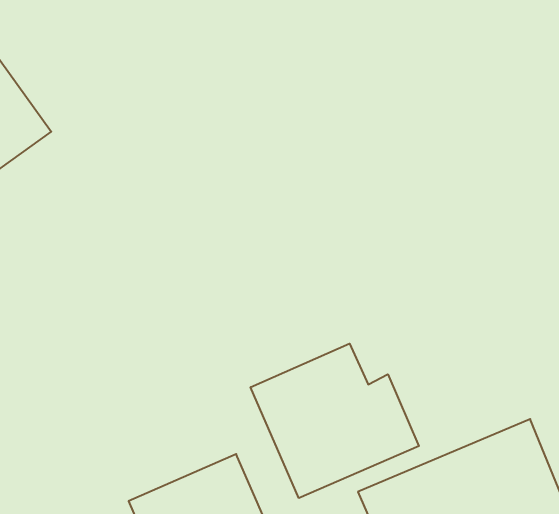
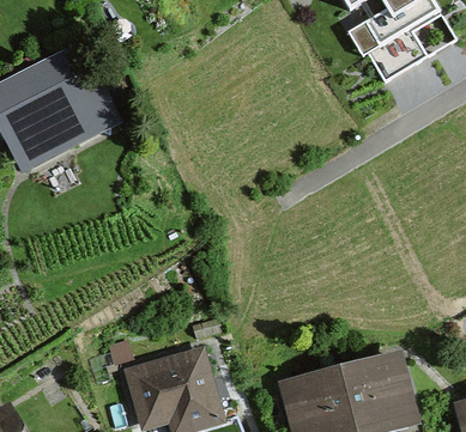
building: [251,344,419,498] -> none

